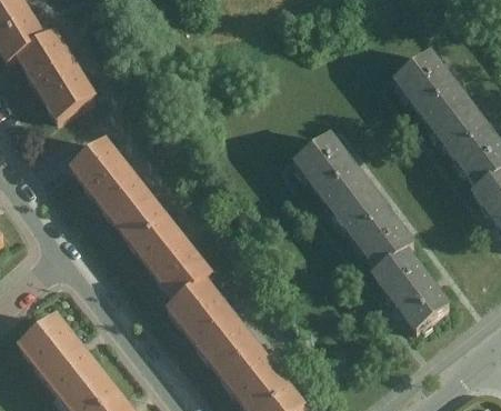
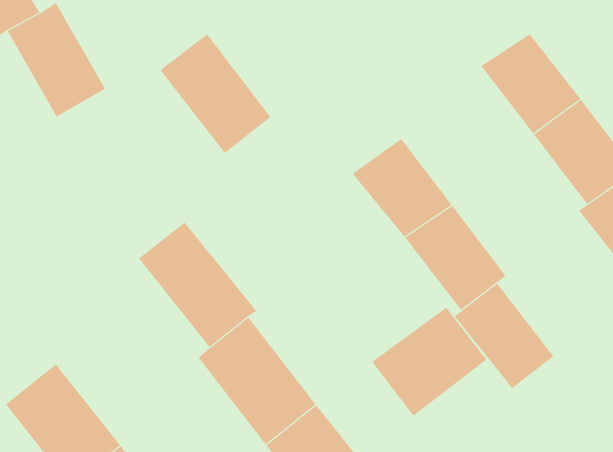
building: [70,134,158,229] -> [160,33,271,154]
building: none -> [371,307,487,416]

